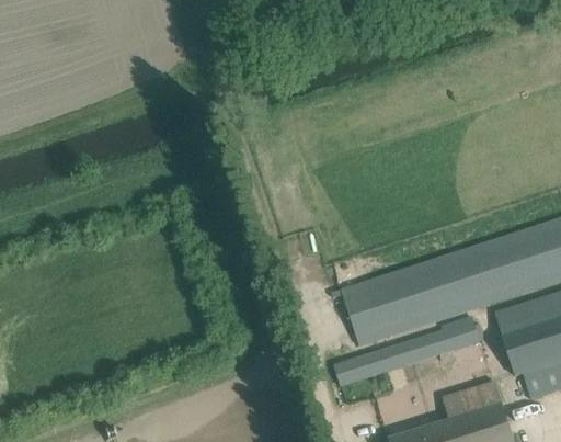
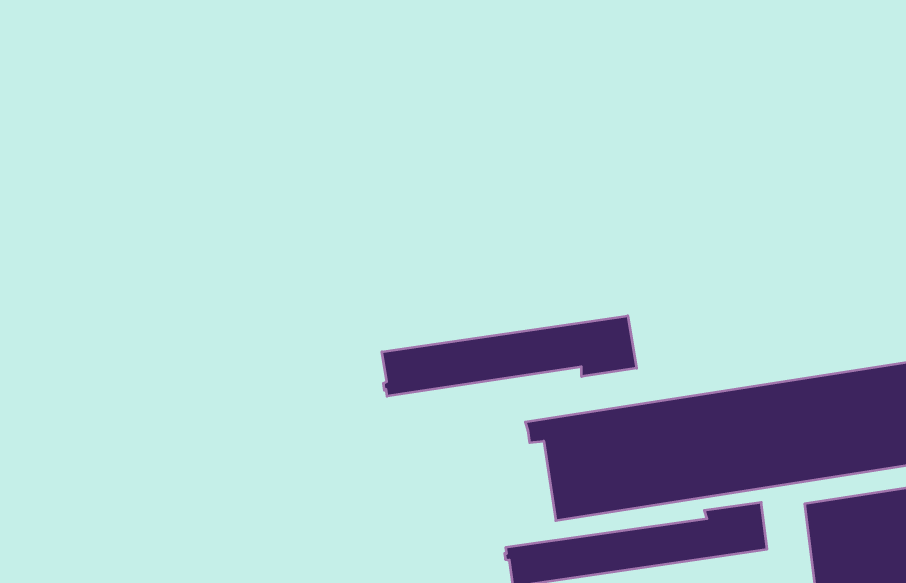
building: none -> [382,316,637,396]

